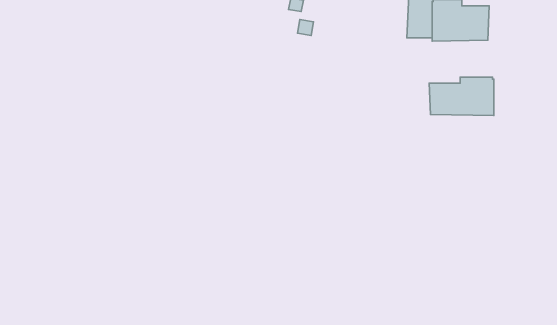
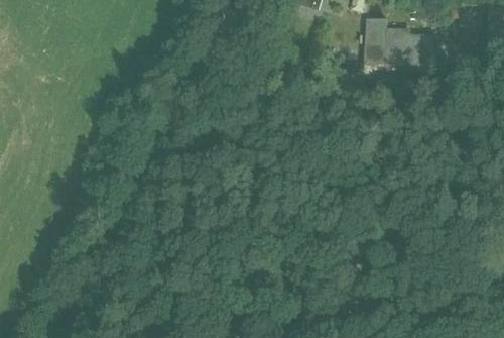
building: [429,77,494,115] -> none

